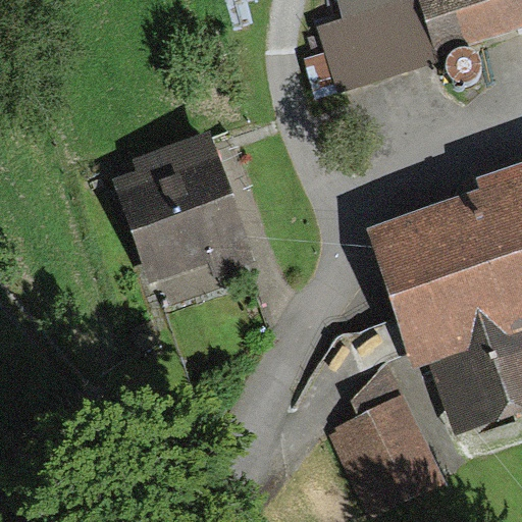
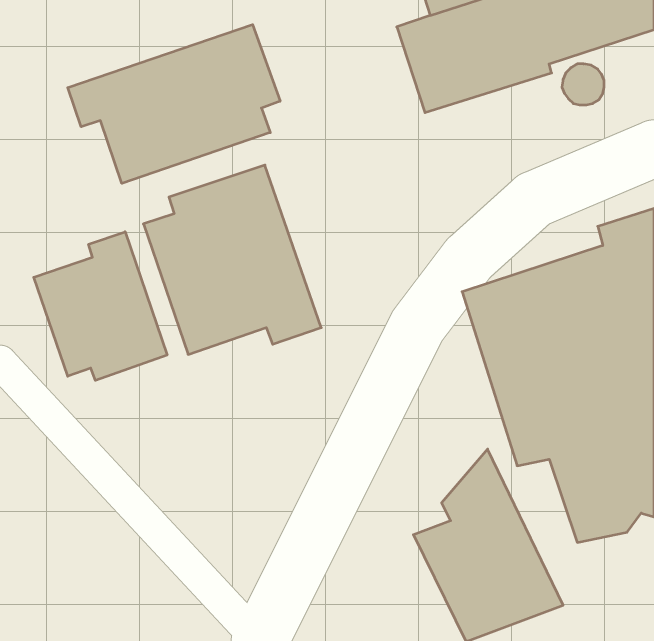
building: none -> [68,25,280,183]
building: none -> [34,232,167,380]

